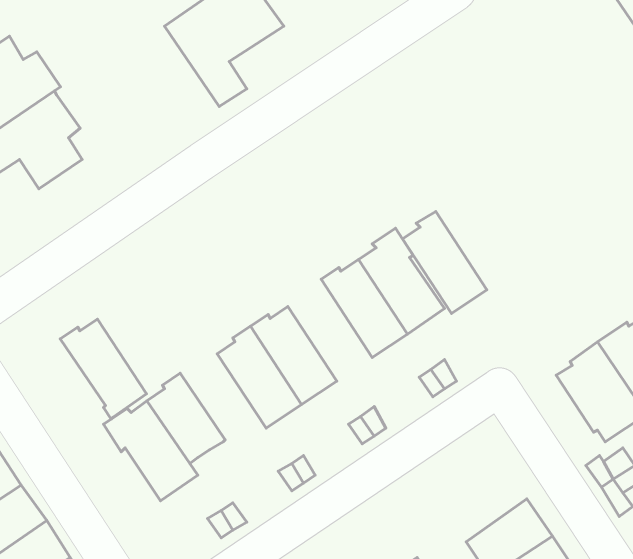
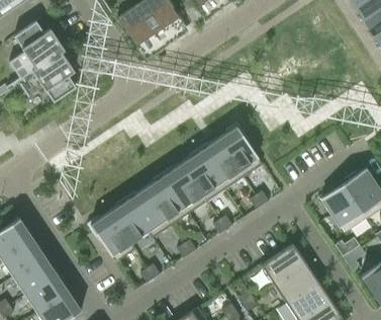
building: [403,211,487,313] -> [182,148,225,201]
building: [60,319,147,419] -> [126,186,171,238]
building: none -> [261,243,305,284]

